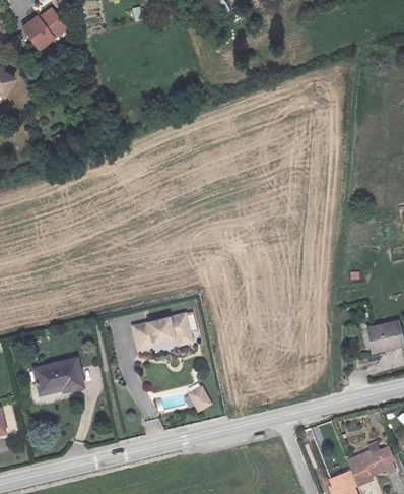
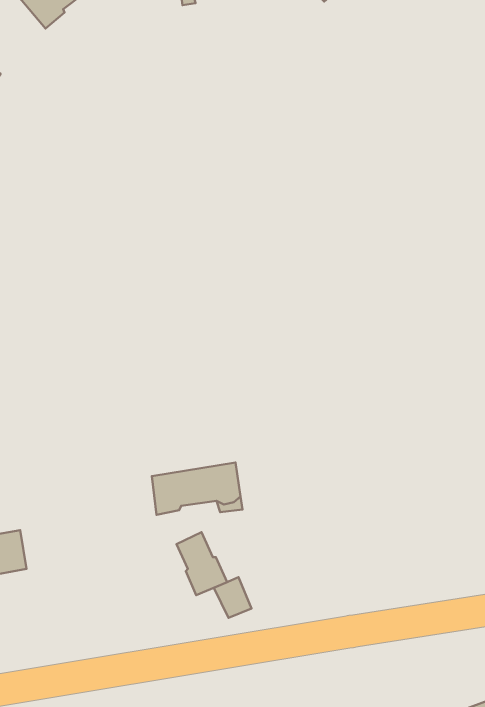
building: none -> [176,532,227,595]
building: [59,361,90,393] -> none

